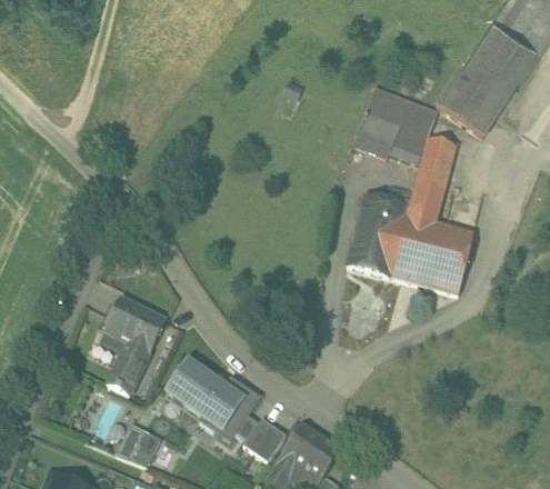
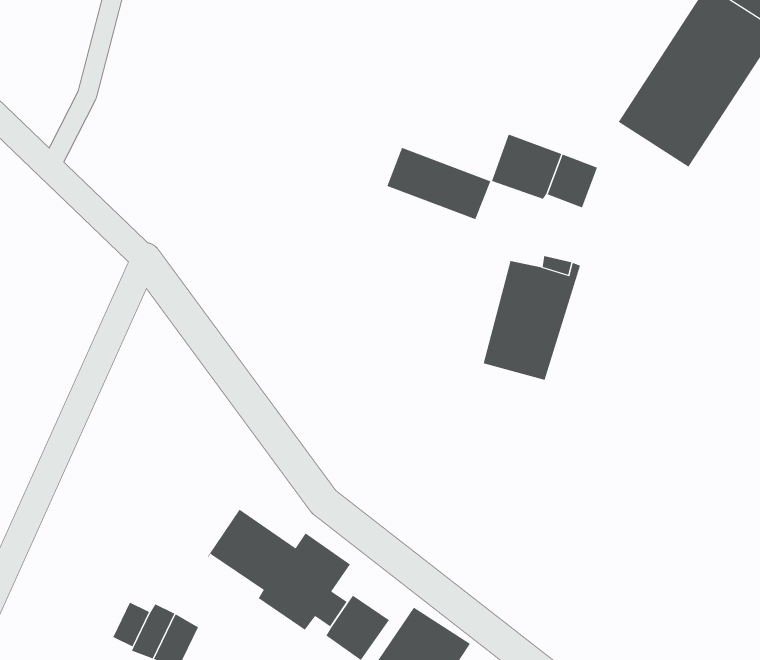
building: [364,88,433,136] -> [386,147,491,220]
building: [389,137,474,293] -> none
building: [106,299,166,395] -> none

